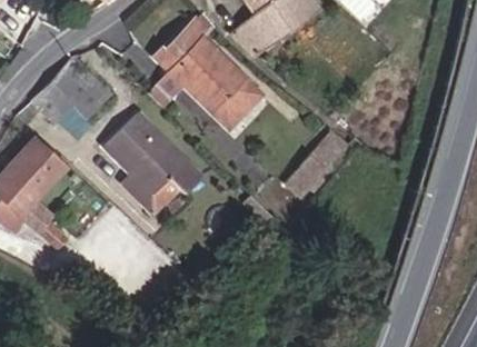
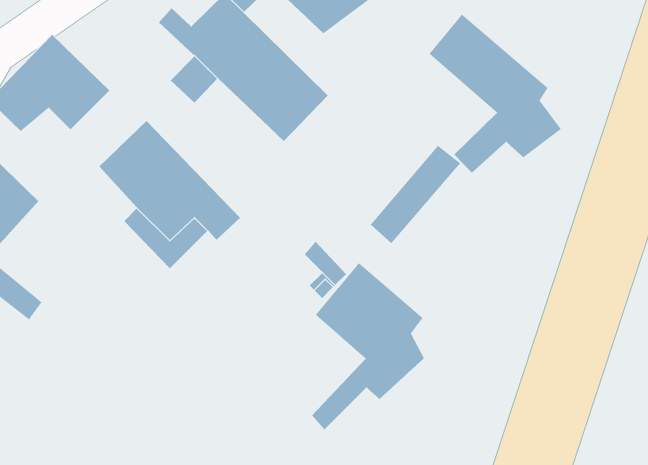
building: none -> [429,13,562,173]
building: none -> [311,262,425,430]

